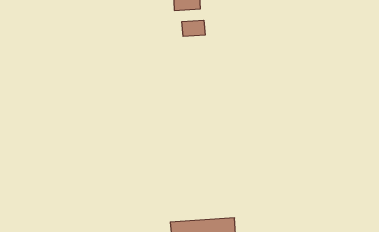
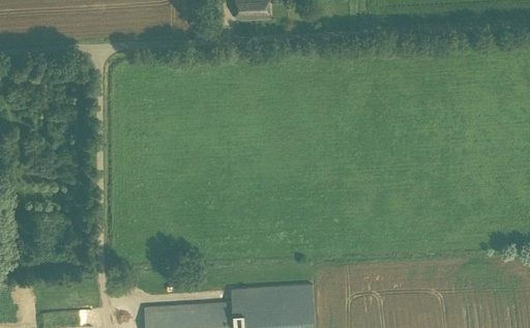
building: [182,20,205,36] -> none

